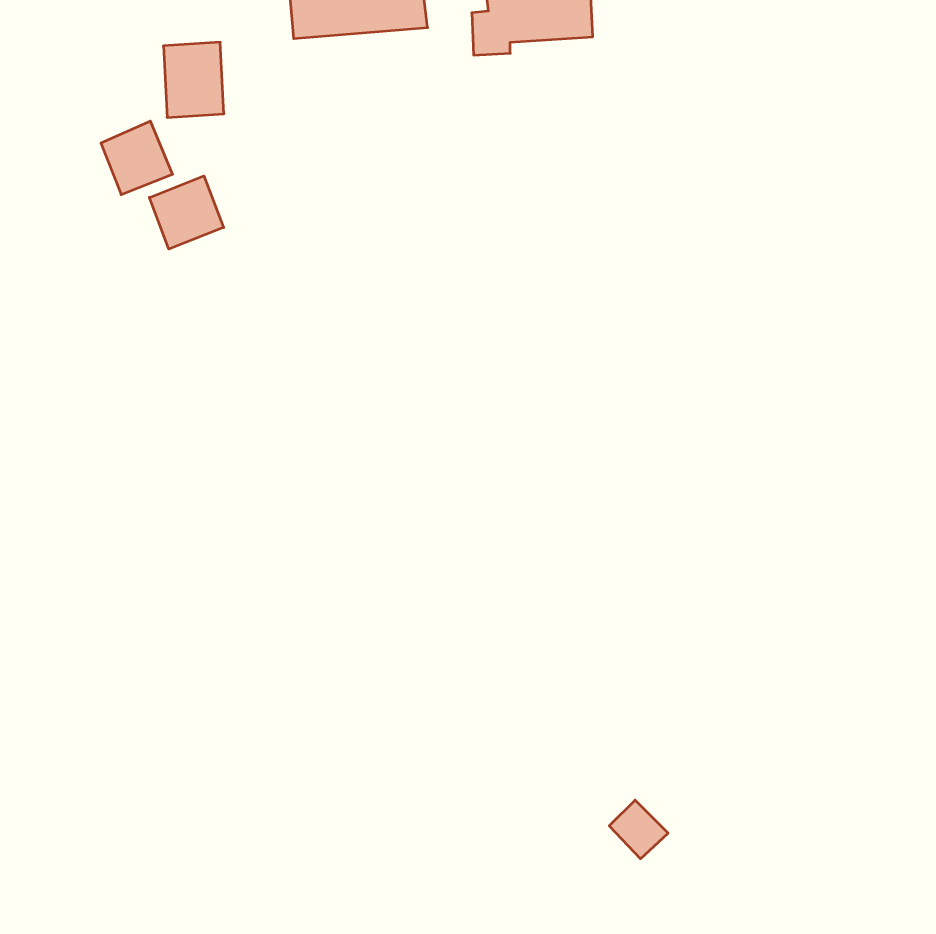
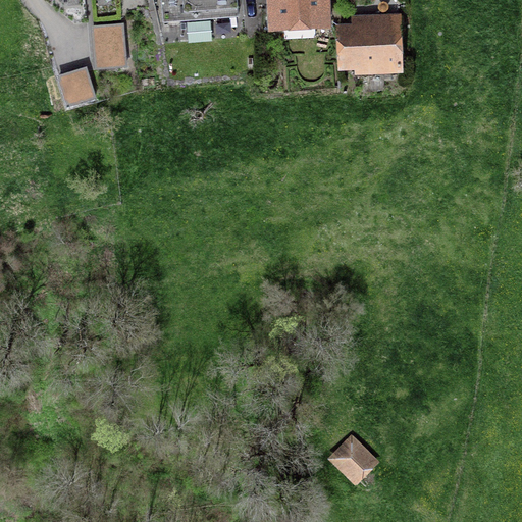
building: none -> [338,15,402,67]
building: [149,176,224,249] -> none

